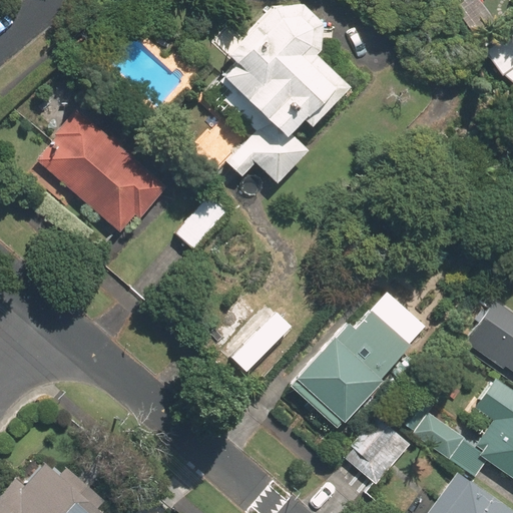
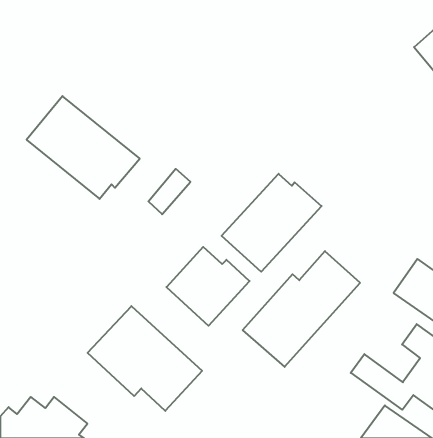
building: [220,4,347,185] -> none
building: none -> [222,174,322,272]
building: none -> [88,306,202,411]
building: [348,421,411,485] -> none

